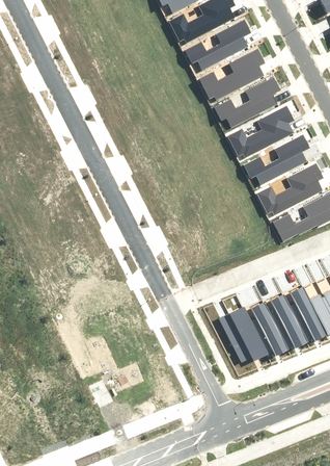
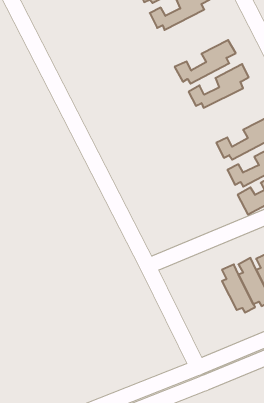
building: [185,20,252,69] -> none
building: [226,108,291,156] -> none
building: [220,305,268,361] -> none

